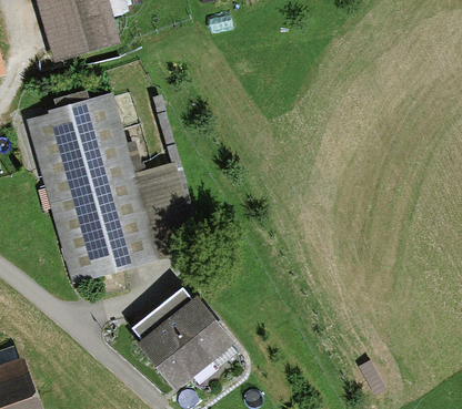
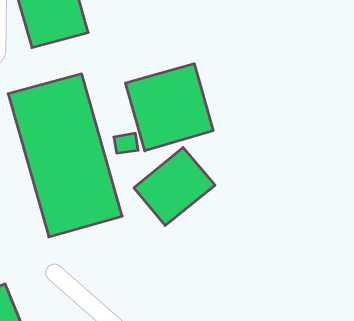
building: none -> [125,64,213,151]
building: [139,283,234,375] -> [134,147,215,226]

